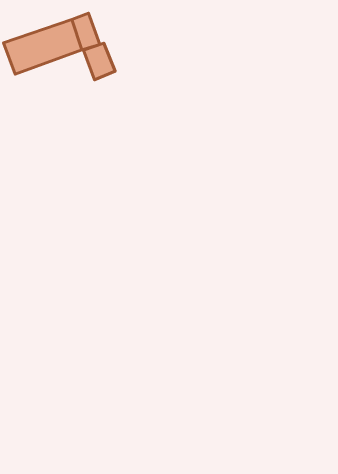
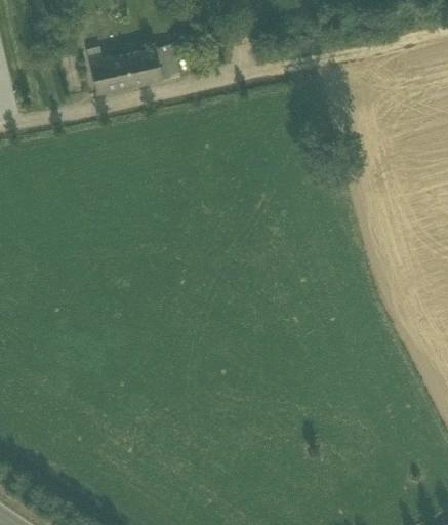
building: [84,43,115,80] -> none

